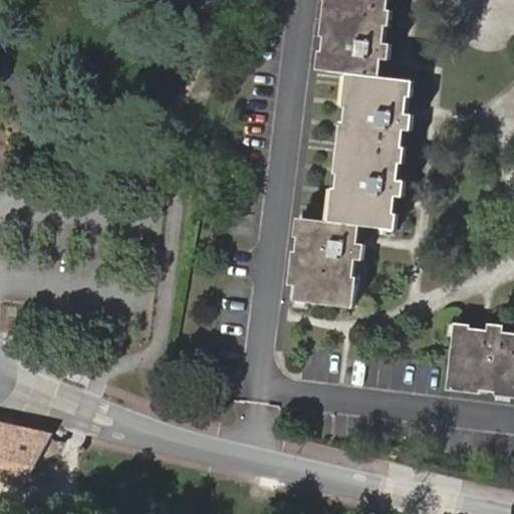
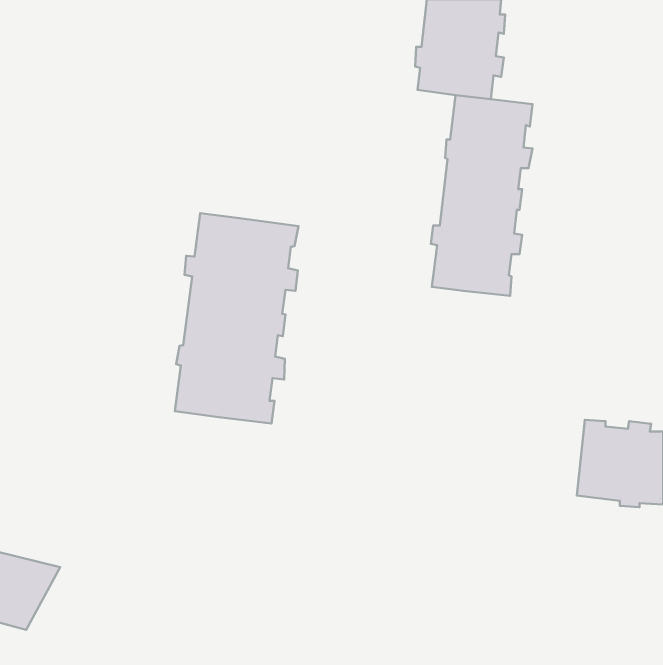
building: none -> [175,213,298,424]
building: [290,217,359,306] -> none

